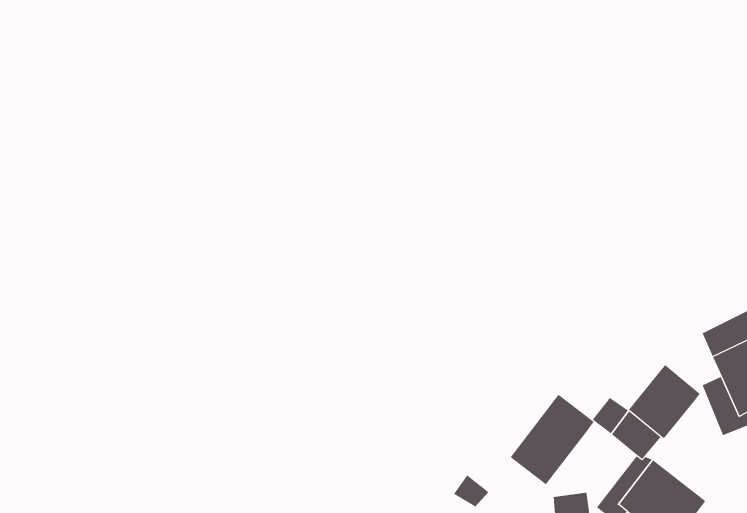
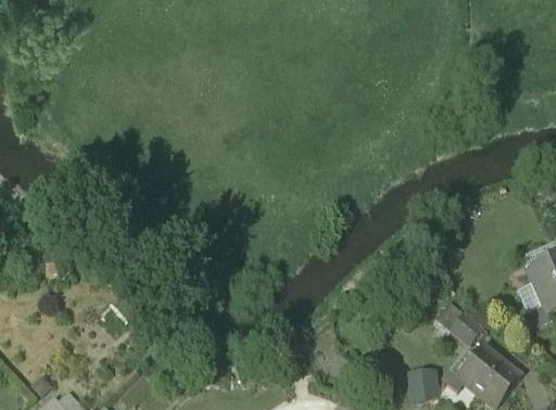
building: [628,364,701,439] -> none
building: [510,394,594,485] -> none

